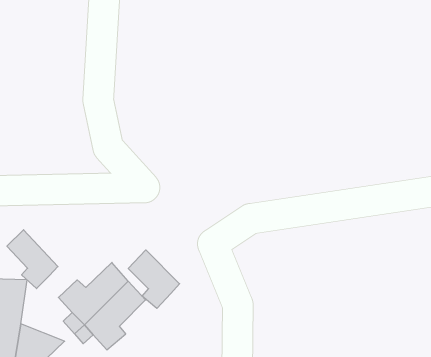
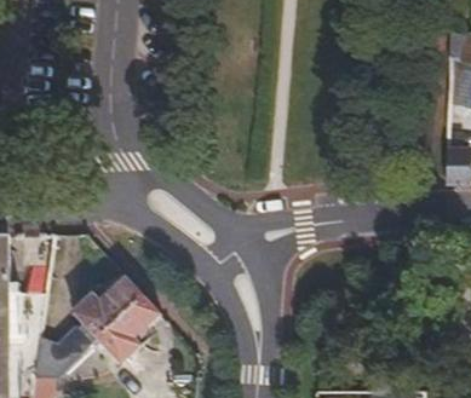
building: [7,230,58,289] -> none
building: [128,250,180,308] -> none

